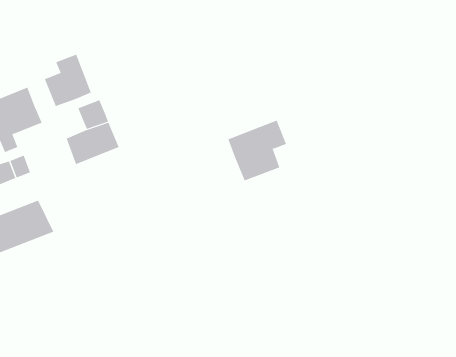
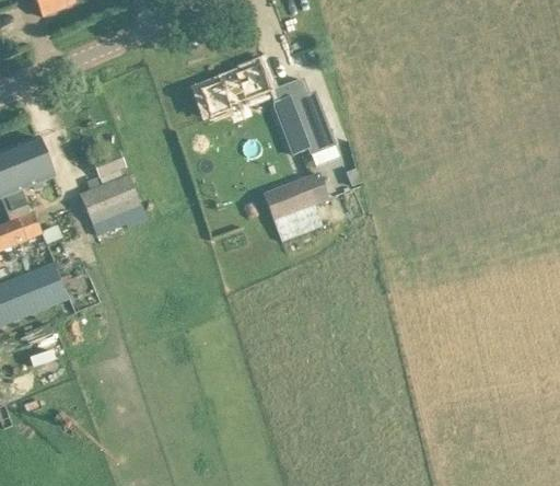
building: none -> [198,65,270,120]
building: none -> [271,78,335,154]
building: [44,54,92,107] -> none

